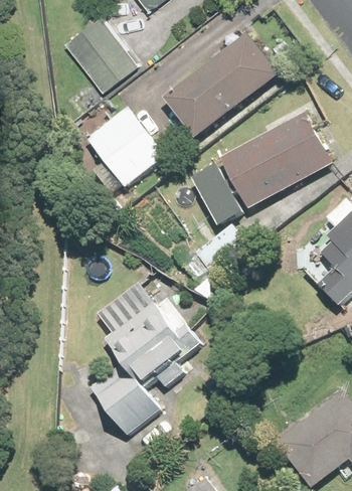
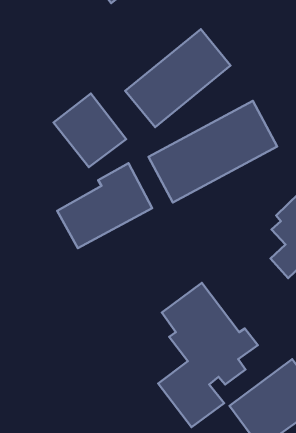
building: [66,18,137,91] -> none
building: none -> [57,163,152,248]
building: [91,279,198,435] -> [158,283,258,427]

